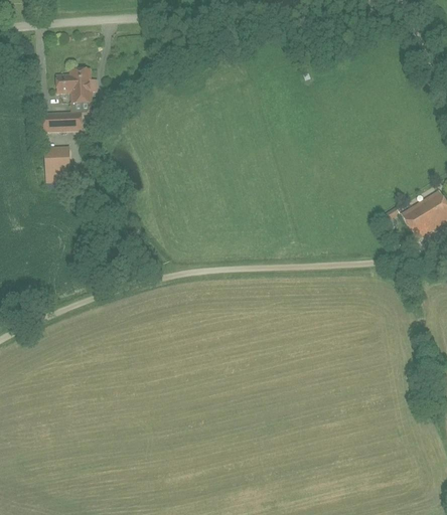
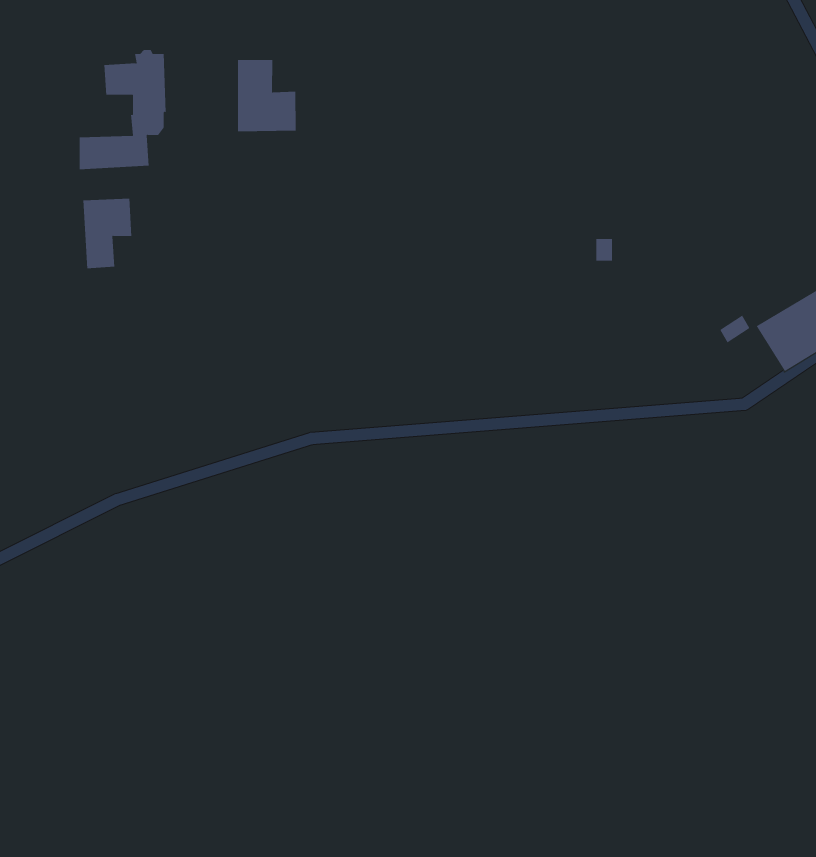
building: none -> [238,59,296,132]

